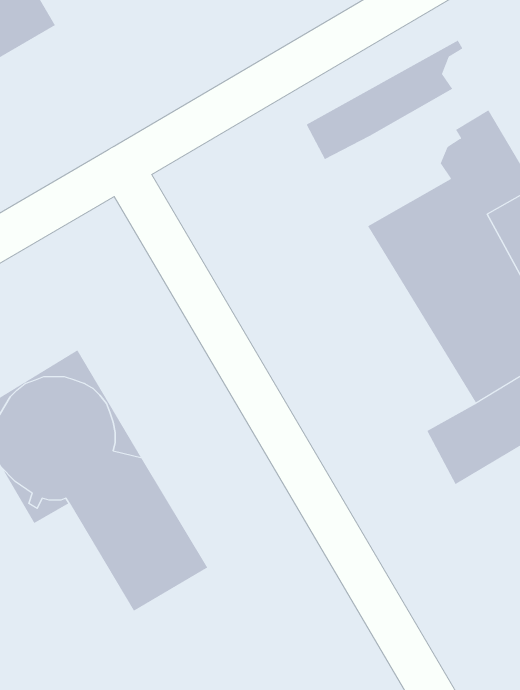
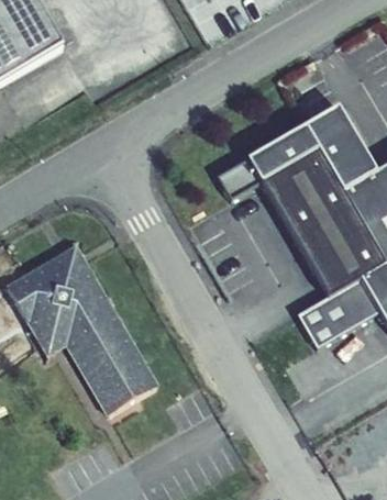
building: [306,40,463,160] -> [221,110,323,188]

